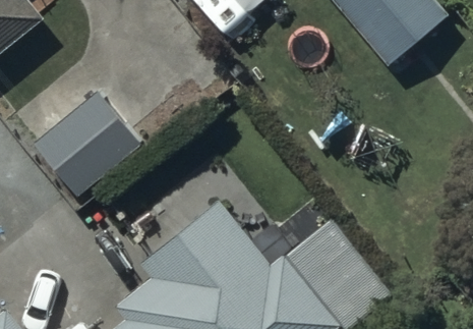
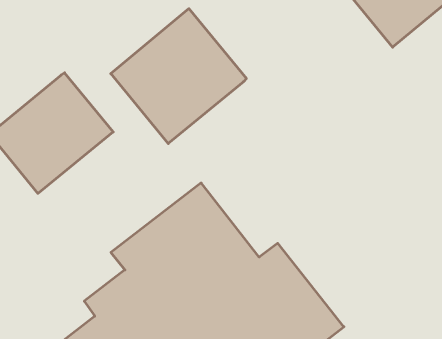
building: none -> [111,9,246,144]

